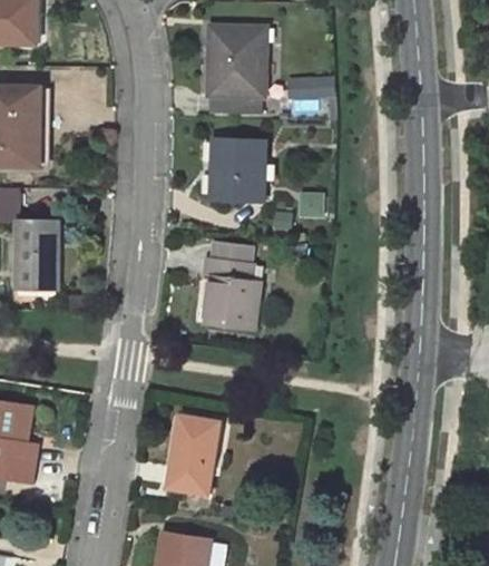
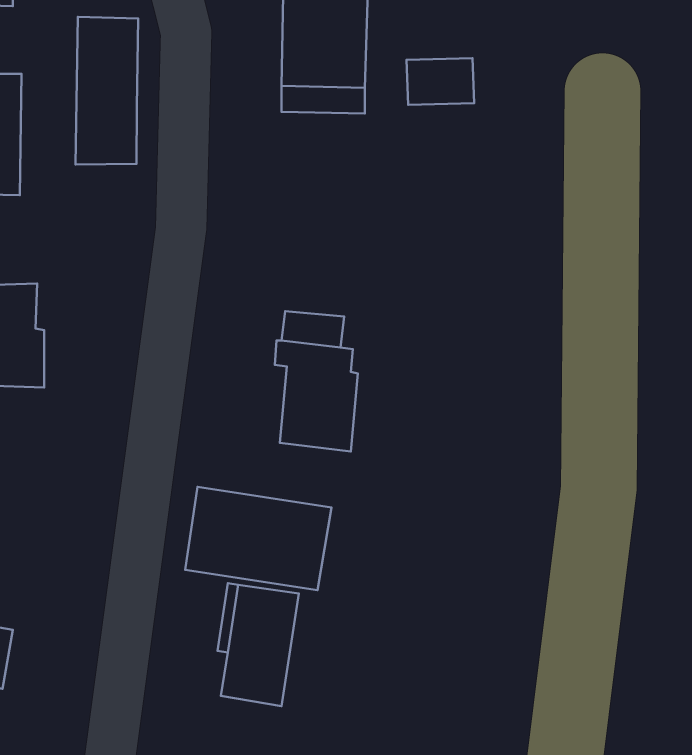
building: none -> [76,17,138,164]
building: [212,140,265,202] -> none
building: none -> [185,487,332,590]

